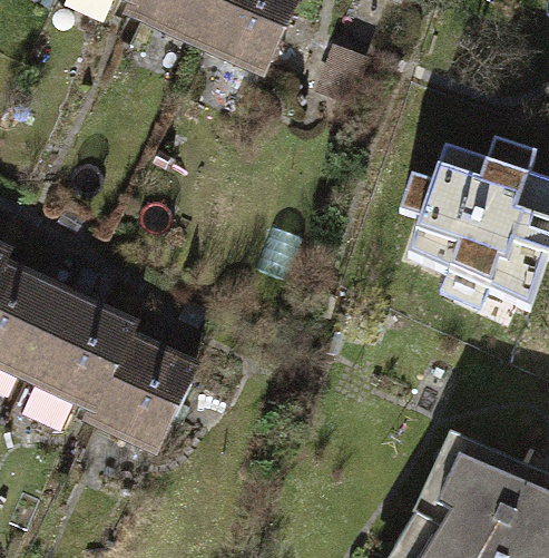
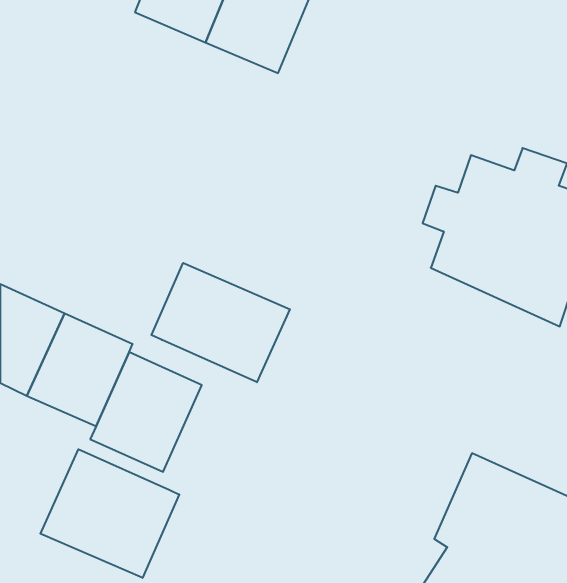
building: none -> [151,263,290,382]
building: none -> [40,449,179,578]

